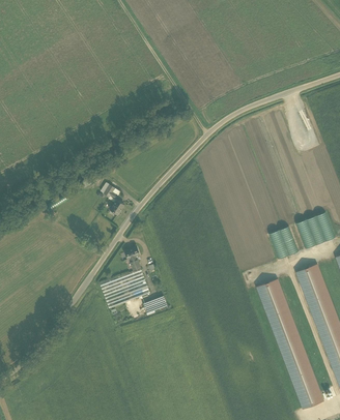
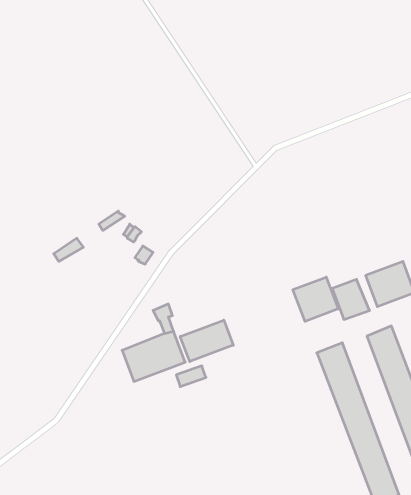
building: none -> [293,277,338,321]
building: none -> [180,320,233,362]

